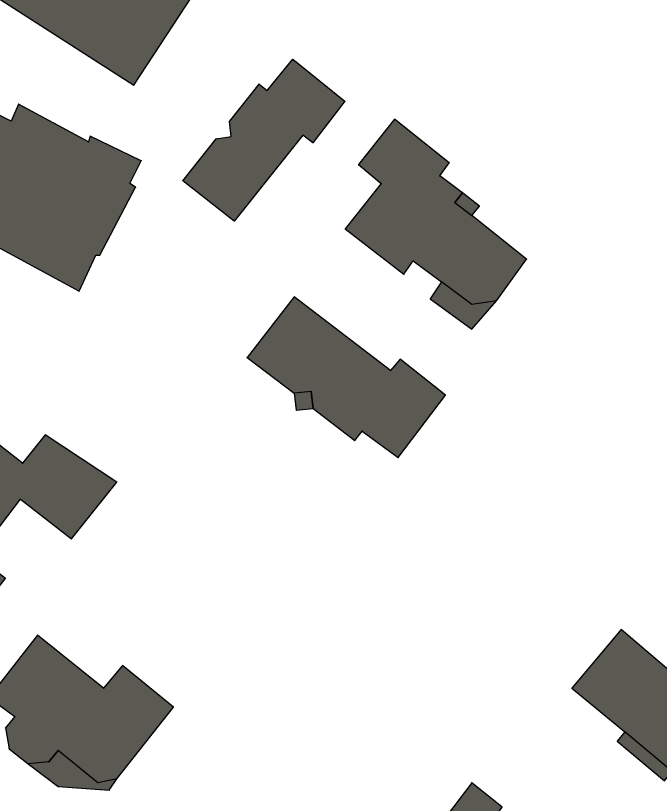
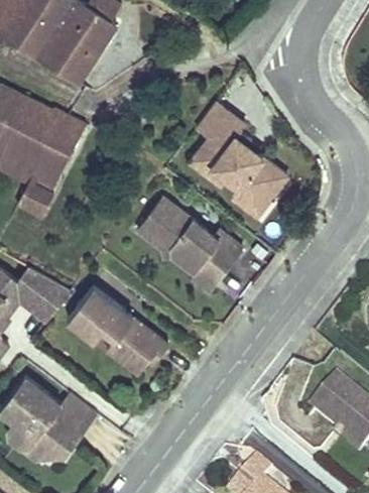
building: [183,59,345,221] -> none
building: none -> [68,285,168,372]

